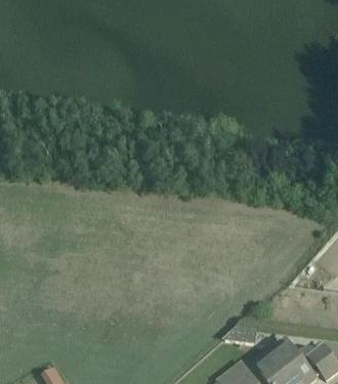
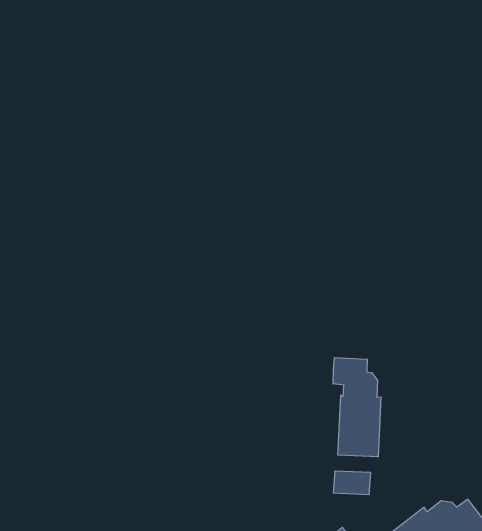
building: none -> [333,358,381,457]

